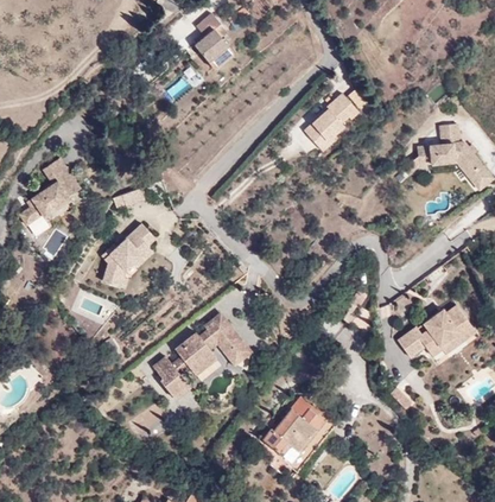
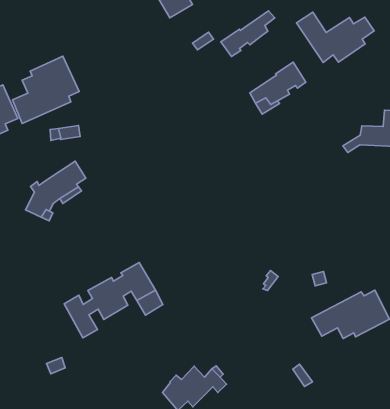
building: none -> [296,12,374,63]
building: none -> [221,11,275,56]
building: none -> [12,56,79,124]

